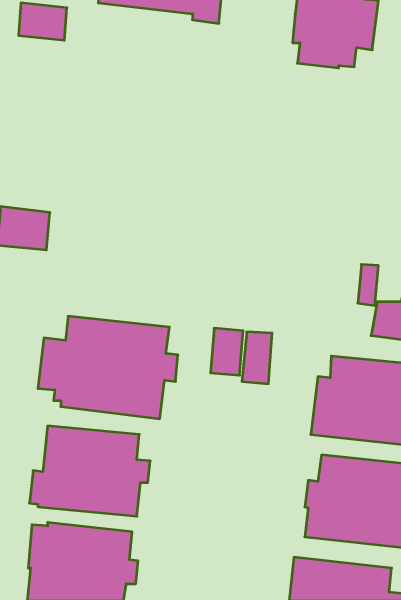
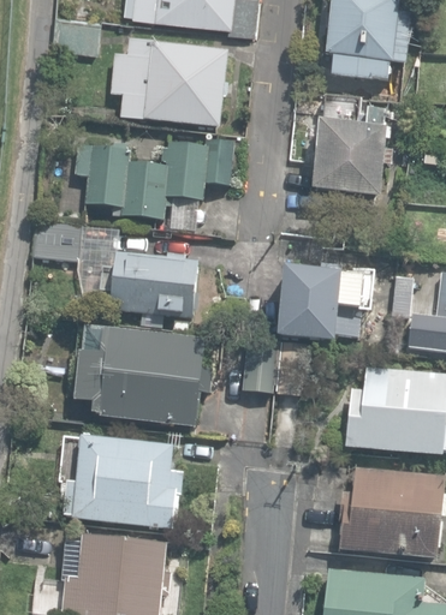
building: none -> [111,38,227,126]
building: none -> [314,94,392,195]
building: none -> [75,138,234,229]
building: none -> [108,249,195,317]
building: none -> [276,264,363,341]

